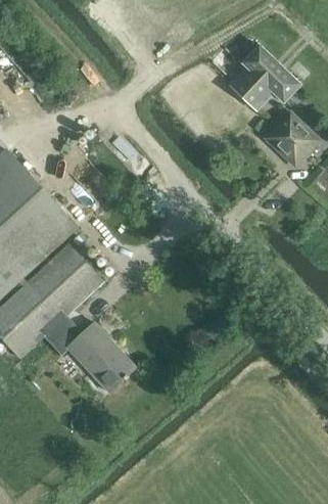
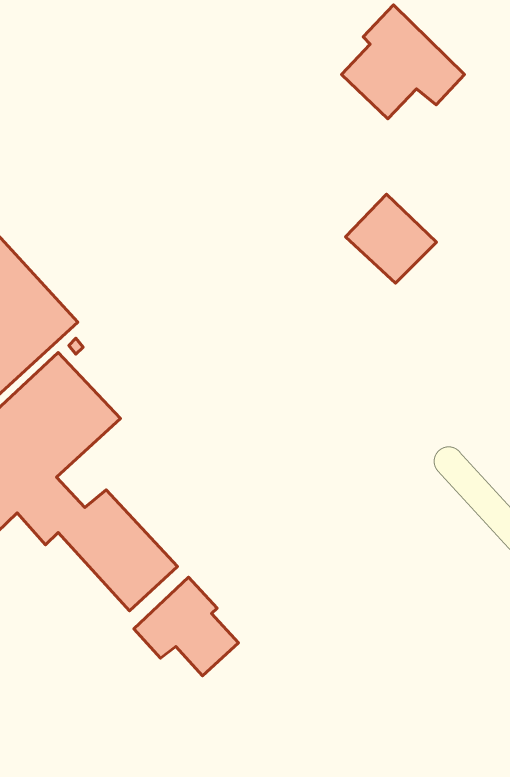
building: [266,112,318,164] -> [346,194,436,283]
building: none -> [134,577,238,676]

